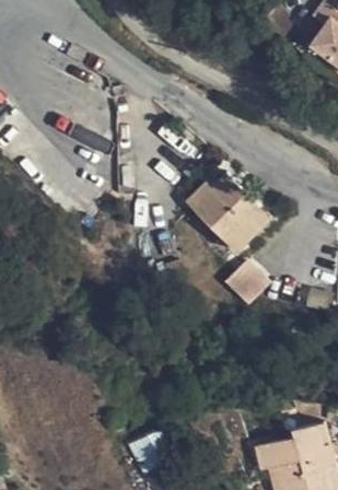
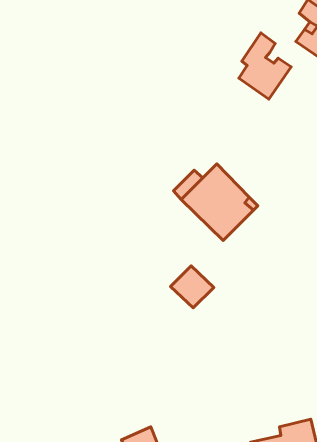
building: none -> [239,33,291,99]
building: [223,259,267,302] -> [170,266,214,308]

